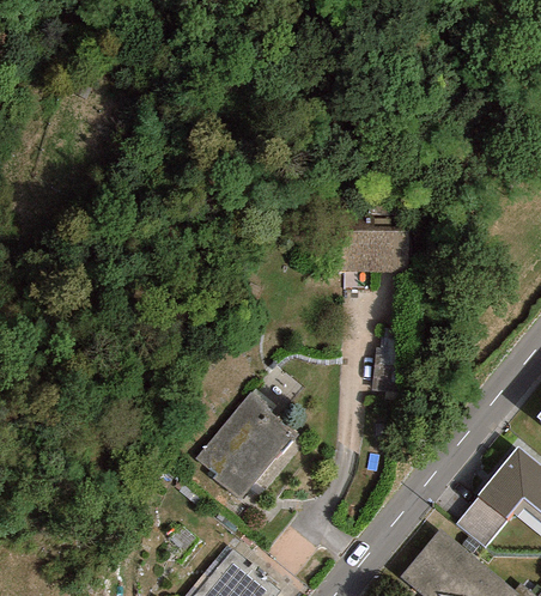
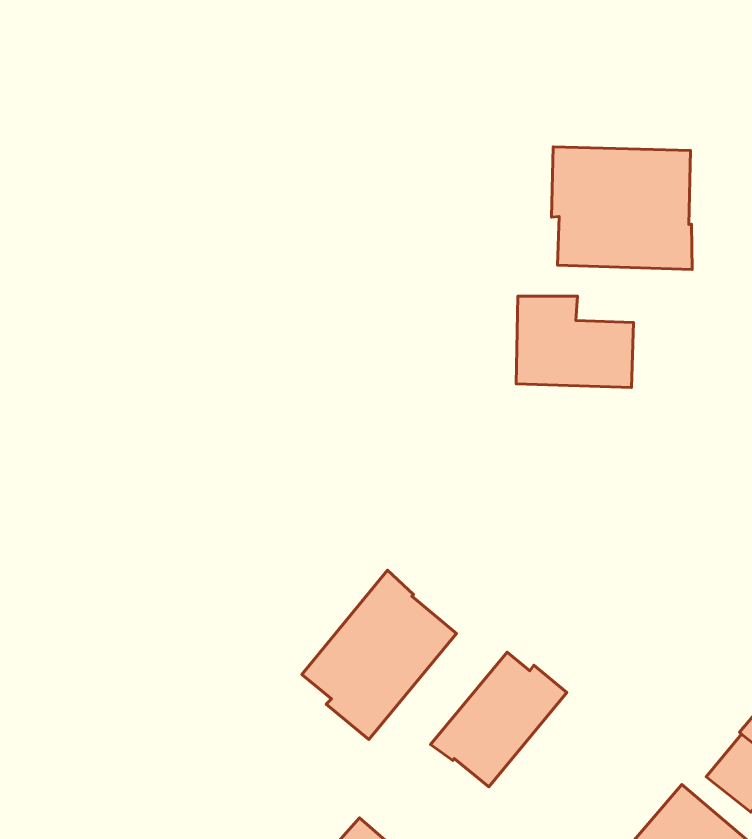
building: none -> [551,147,692,269]
building: none -> [431,652,567,787]

